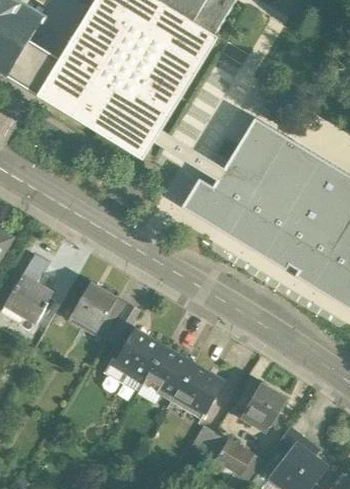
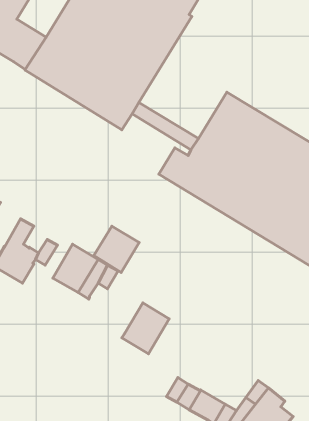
building: [115,327,164,377] -> [94,226,139,273]
building: [170,362,224,418] -> none
building: [239,382,286,432] -> none

